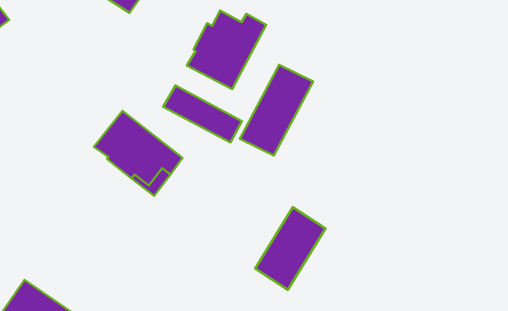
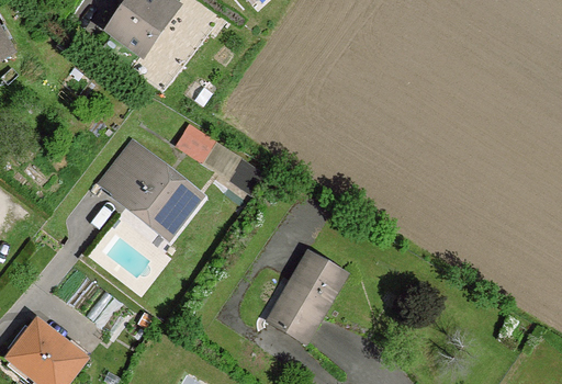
building: [187,11,266,89] -> none
building: [240,65,313,155] -> none

